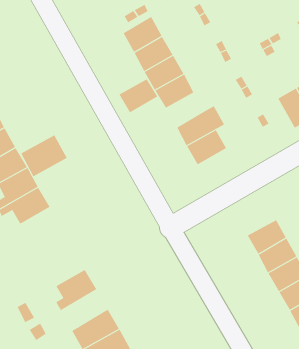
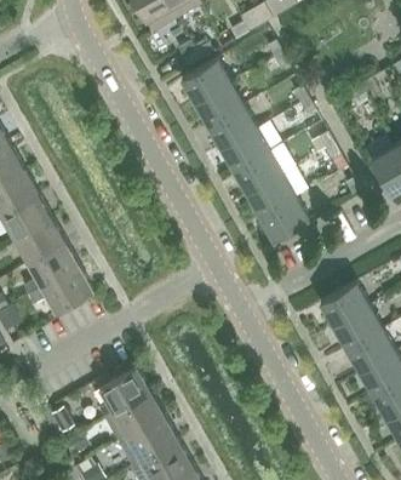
building: [119,79,158,113] -> [234,152,282,194]
building: [20,134,68,177] -> none
building: none -> [320,282,370,326]
building: none -> [105,392,164,442]

